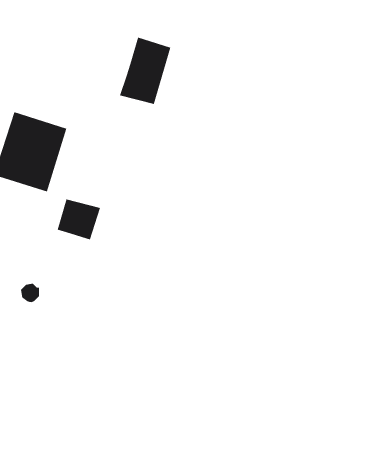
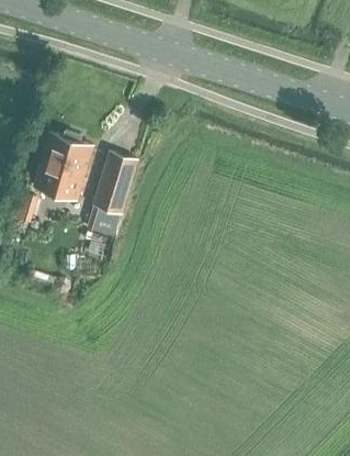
building: [119,37,171,105] -> [93,155,137,212]

